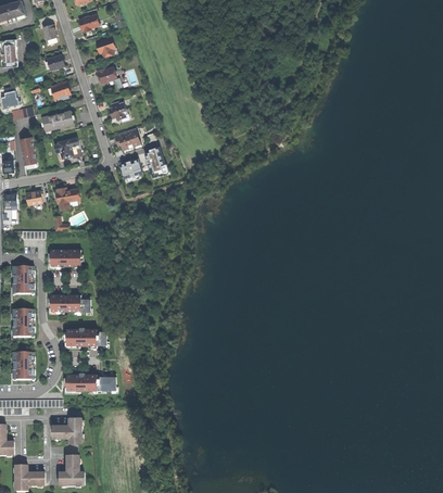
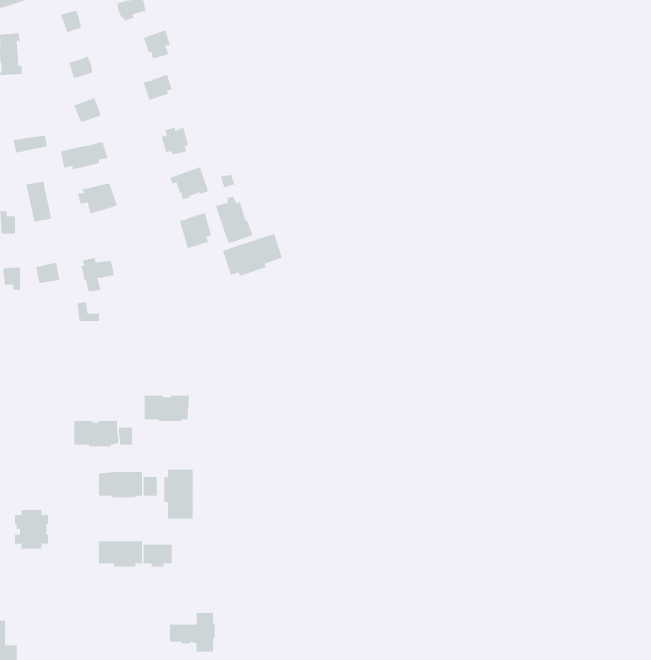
building: none -> [222,233,283,277]
building: [51,249,81,266] -> [144,395,190,422]
building: [12,267,35,293] -> none
building: [12,309,35,337] -> none
building: none -> [164,469,193,520]
building: [52,416,83,442] -> [169,613,215,652]

